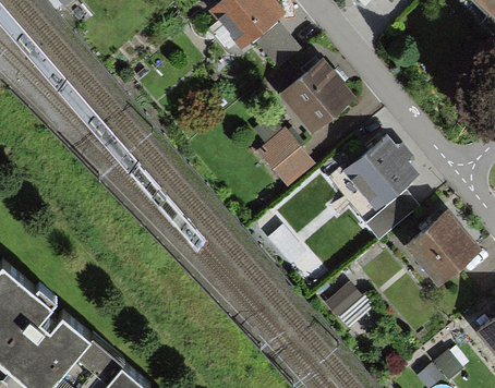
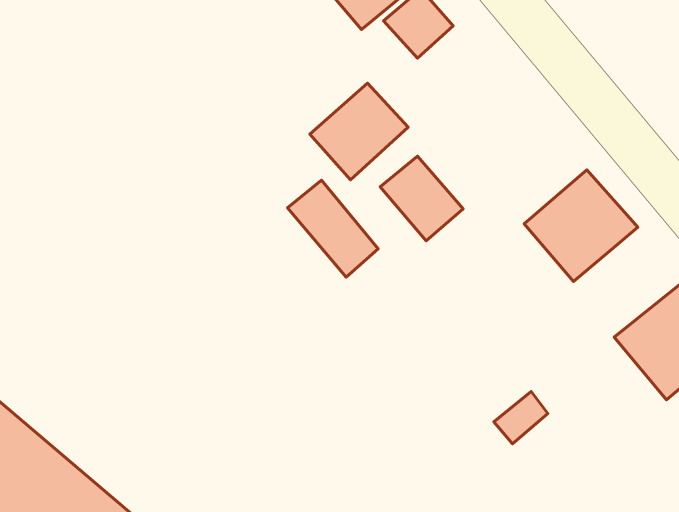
building: [280,65,343,128] -> [310,83,408,180]
building: none -> [287,180,378,277]
building: [365,185,420,237] -> none

